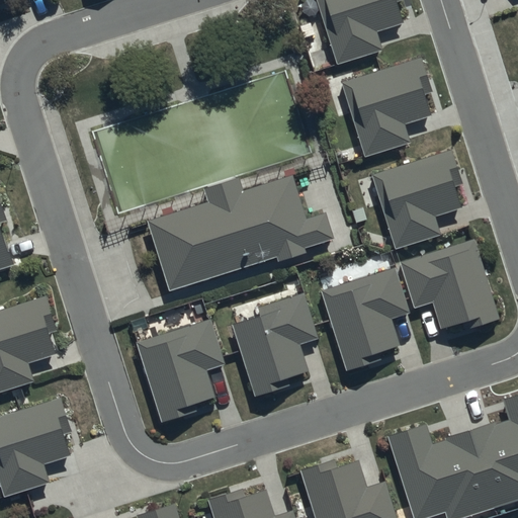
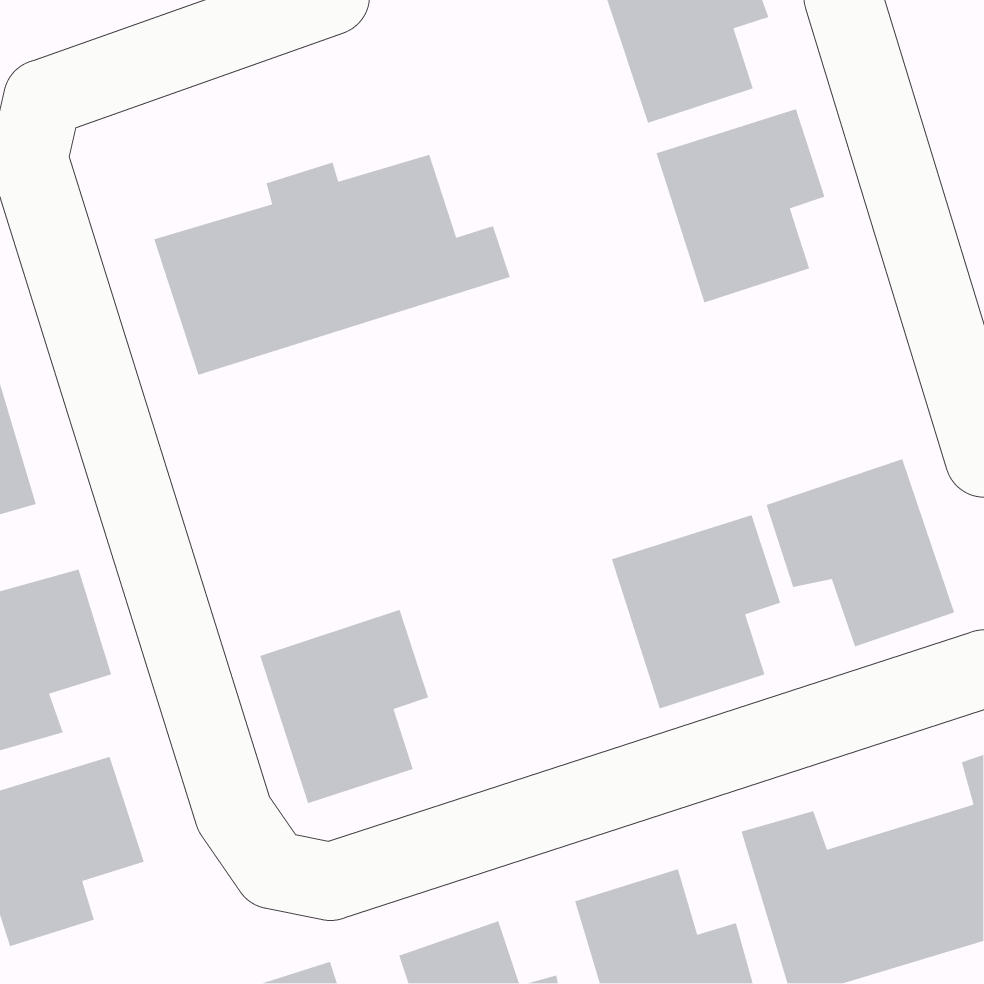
building: [371,149,464,247] -> none
building: [147,175,334,291] -> [153,154,511,376]
building: [231,297,320,399] -> none

